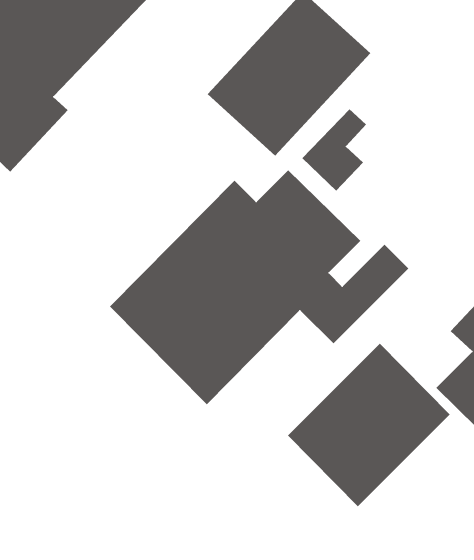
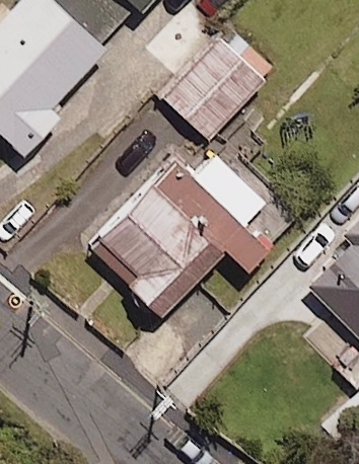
building: [287,343,450,507] -> none

